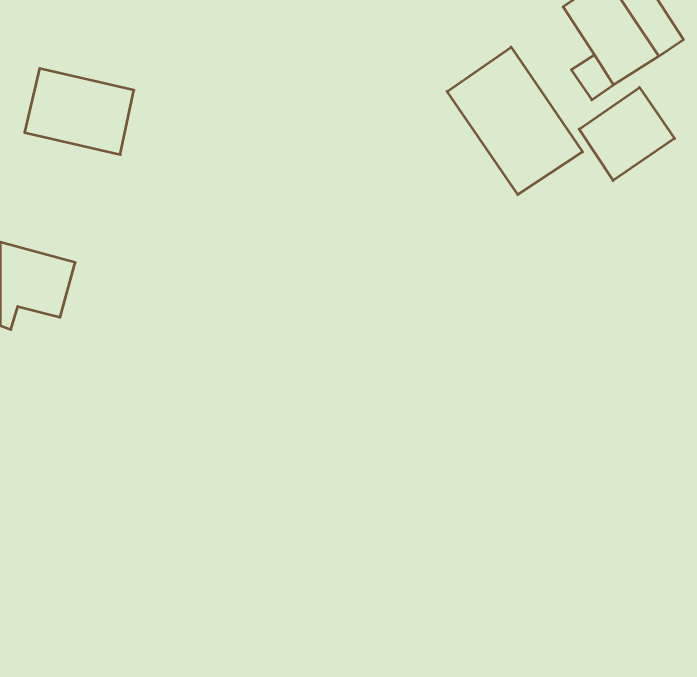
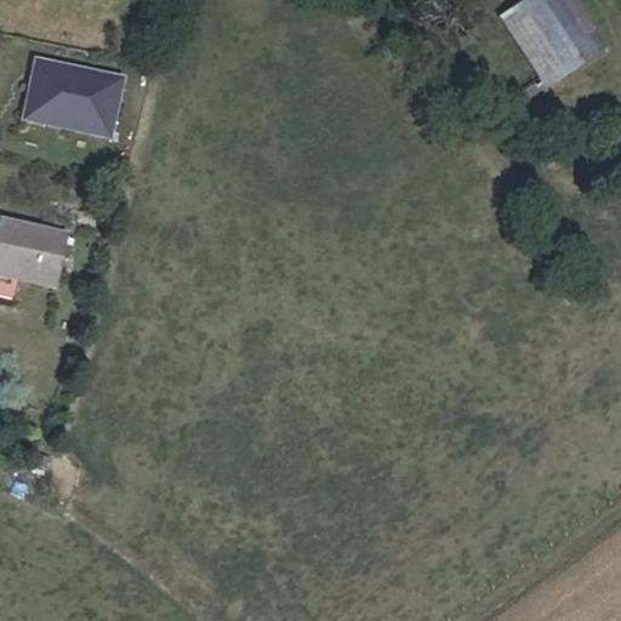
building: [447,47,583,195] -> none
building: [579,87,675,181] -> none

